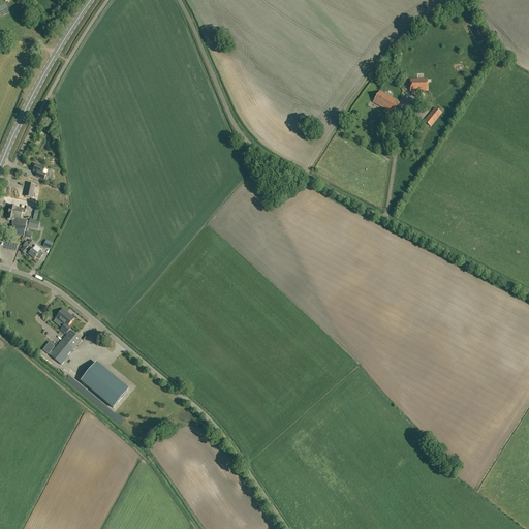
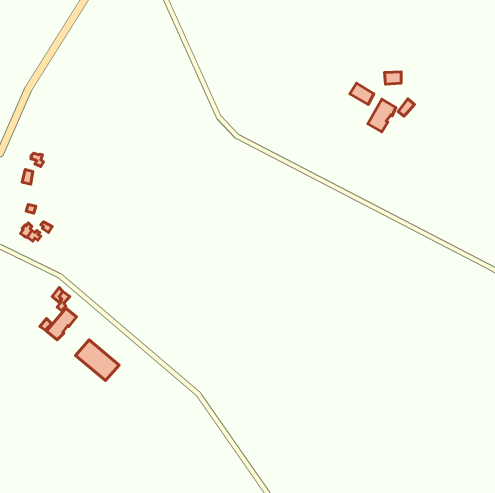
building: none -> [368,99,396,132]
building: [7,204,27,234] -> none

